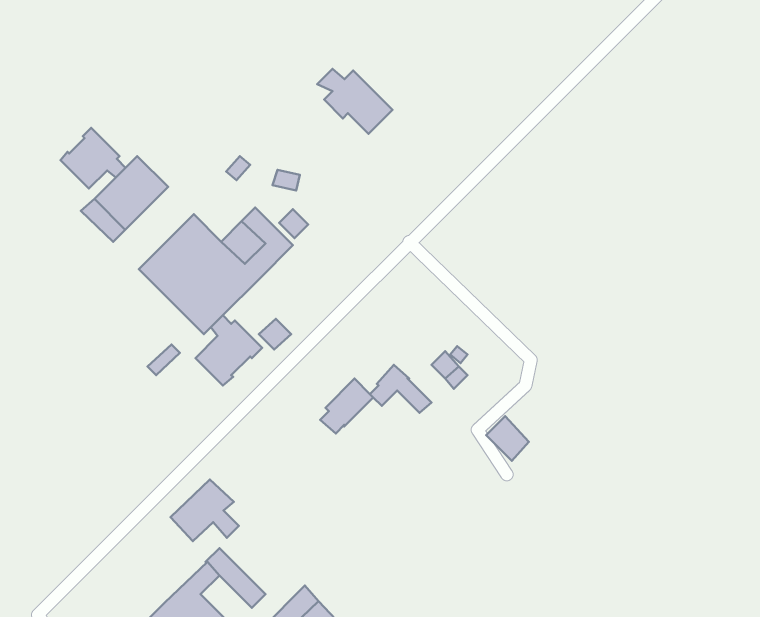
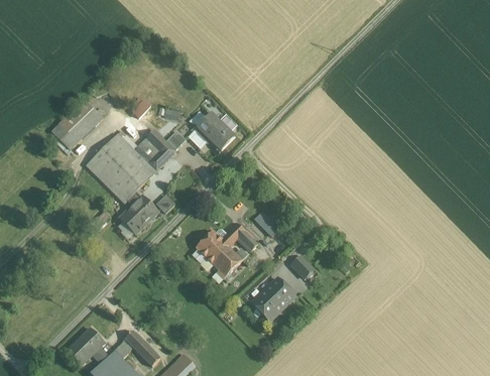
building: [317,69,392,134] -> [191,111,235,149]
building: [61,128,126,189] -> none
building: none -> [207,241,242,278]
building: none -> [252,277,295,321]
building: [170,480,239,541] -> [68,328,108,364]

